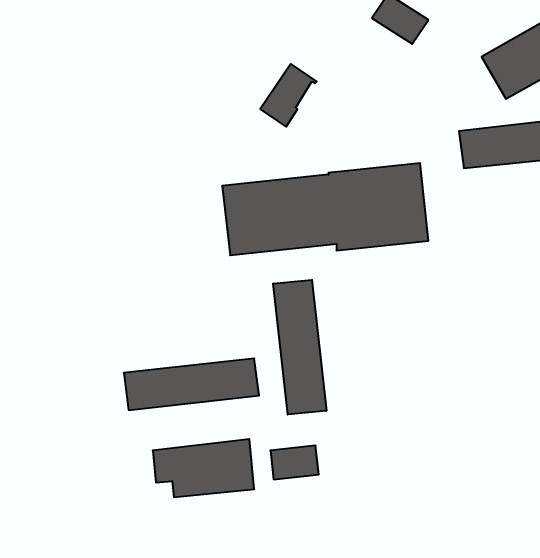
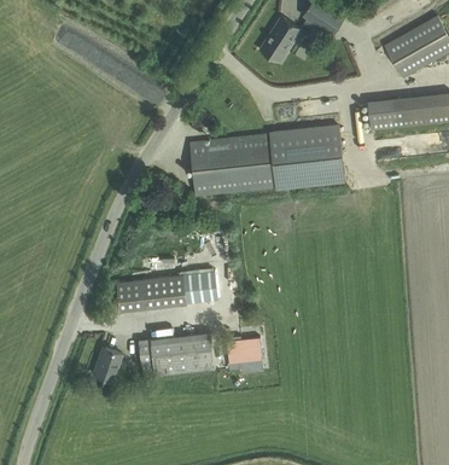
building: [260,64,317,127] -> [258,14,301,62]
building: [273,280,326,415] -> none
building: none -> [93,347,122,379]

